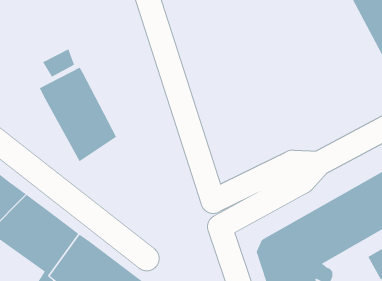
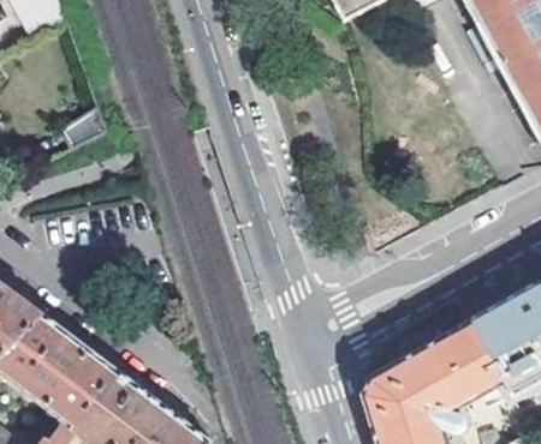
building: [39,67,117,162] -> none

